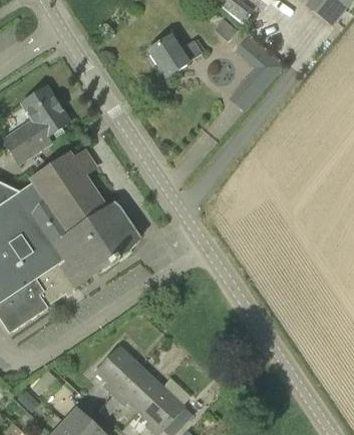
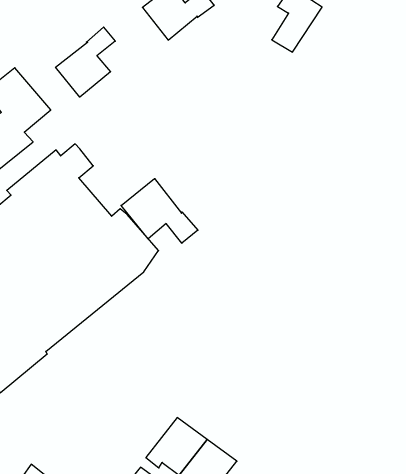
building: none -> [56,27,115,97]
building: none -> [121,179,198,243]
building: [95,344,141,394] -> none

